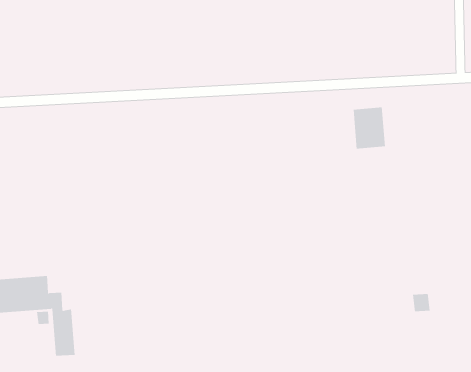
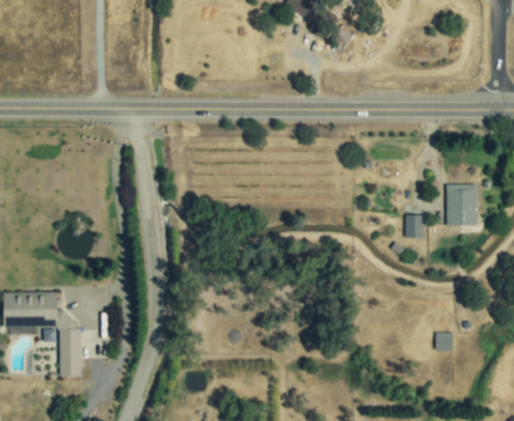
building: [353,107,386,149] -> [446,184,478,226]
building: none -> [405,215,424,238]

